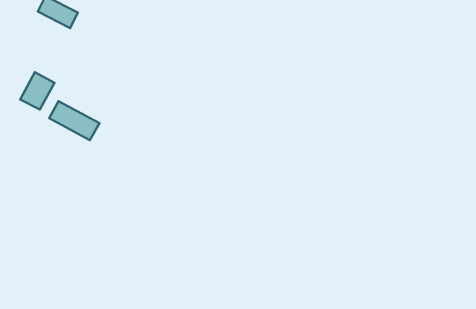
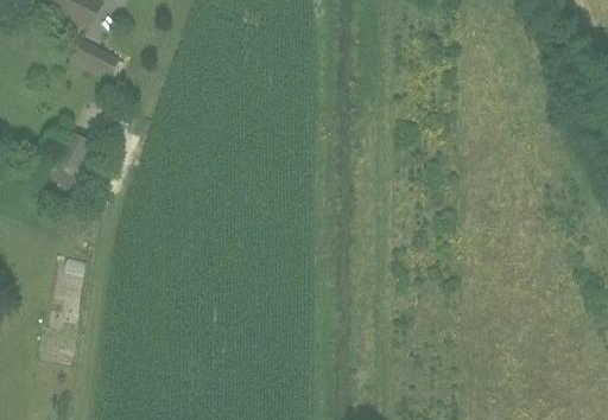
building: [49,101,99,140] -> none

